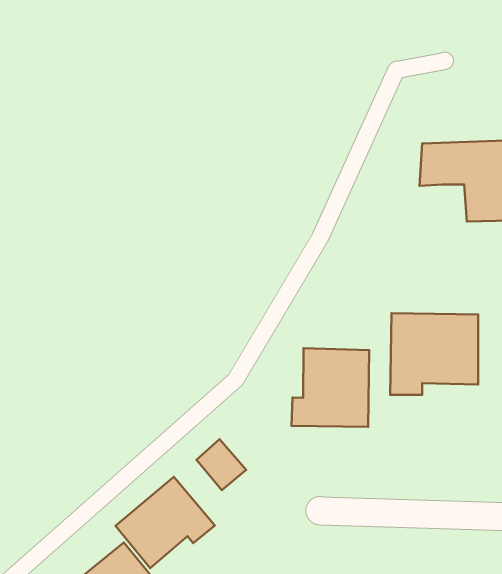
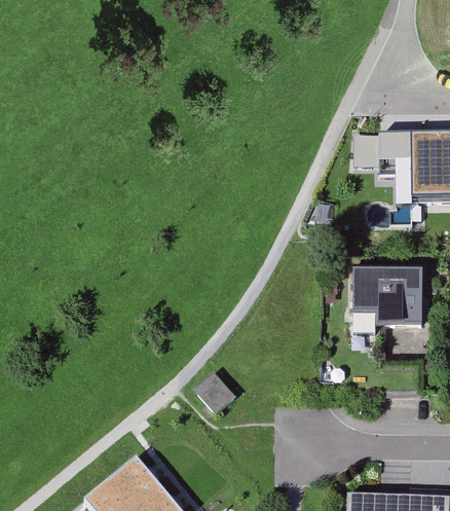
building: [292,348,369,427] -> none
building: [115,477,215,568] -> none

